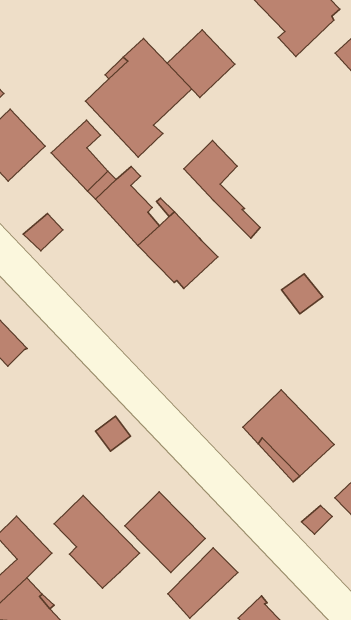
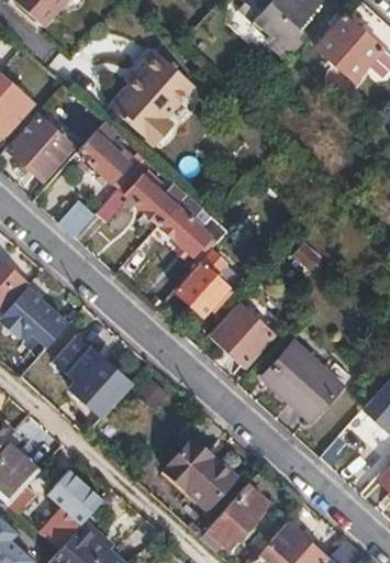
building: [167,30,235,97] -> none
building: [184,141,260,238] -> none
building: none -> [178,265,234,317]
building: none -> [215,308,272,364]
building: [54,496,139,588] -> [56,339,132,418]

